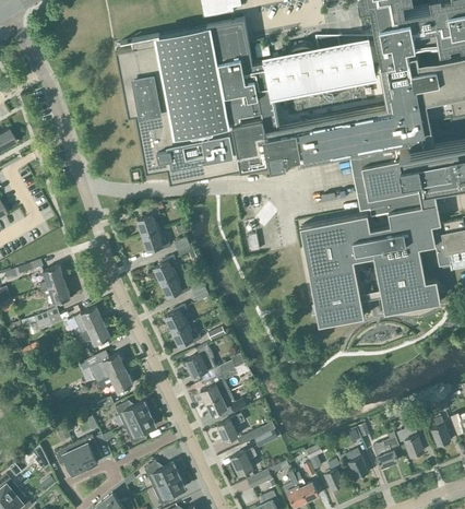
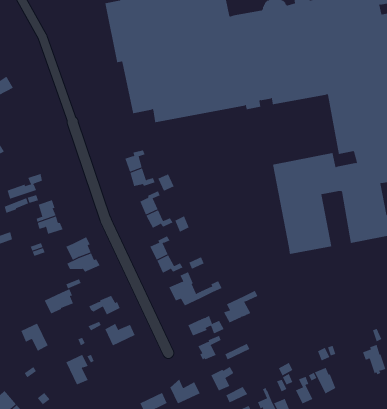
building: none -> [7,173,43,200]
building: [91,355,123,383] -> [44,288,74,314]
building: [200,368,238,404] -> [223,290,258,323]
building: [124,415,155,446] -> none
building: [374,438,400,469] -> none
building: [55,445,85,476] -> [20,323,48,352]
building: [145,461,179,489] -> [169,378,200,404]

